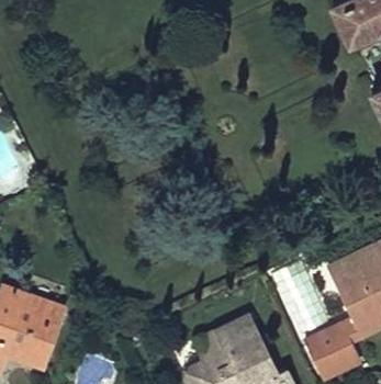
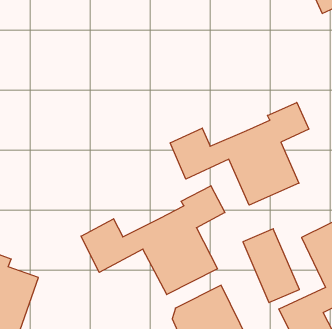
building: none -> [170,102,309,205]
building: none -> [81,186,225,295]

